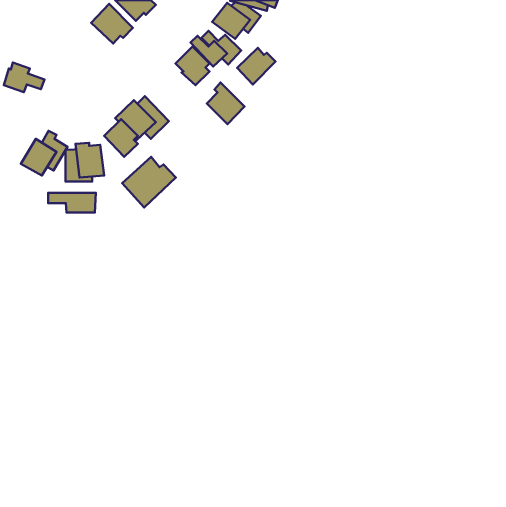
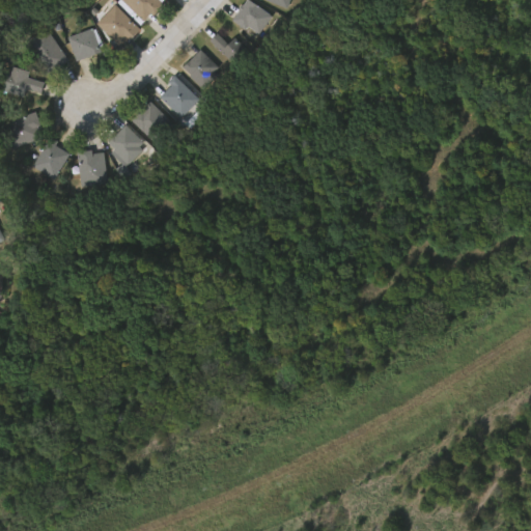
building: none -> [25,28,69,75]
building: none -> [66,28,102,61]
building: [237,48,275,84] -> none
building: [207,83,244,124] -> [159,75,198,118]
building: none -> [4,111,44,148]
building: [122,157,176,207] -> none
building: [48,193,96,212] -> none

